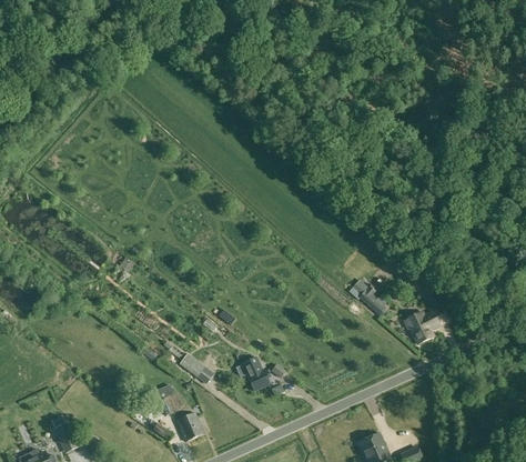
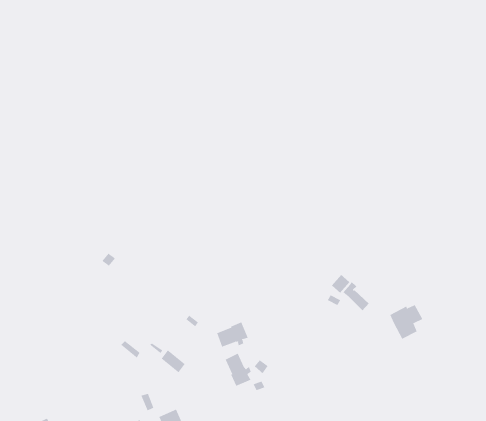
building: none -> [216,322,249,348]

